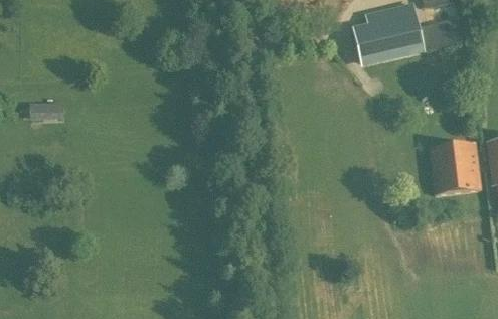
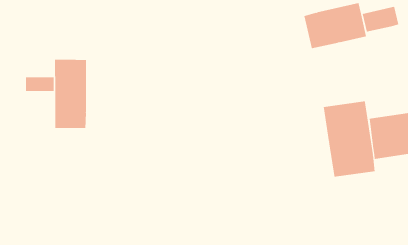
building: none -> [55,59,86,129]
building: none -> [323,101,375,177]

